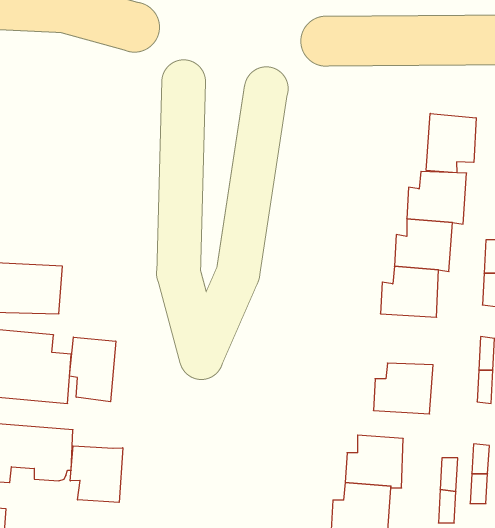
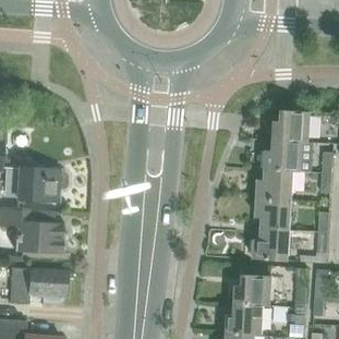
building: [426,113,476,173] -> none
building: none -> [256,198,292,230]
building: [70,337,116,402] -> none
building: [70,446,123,502] -> none

